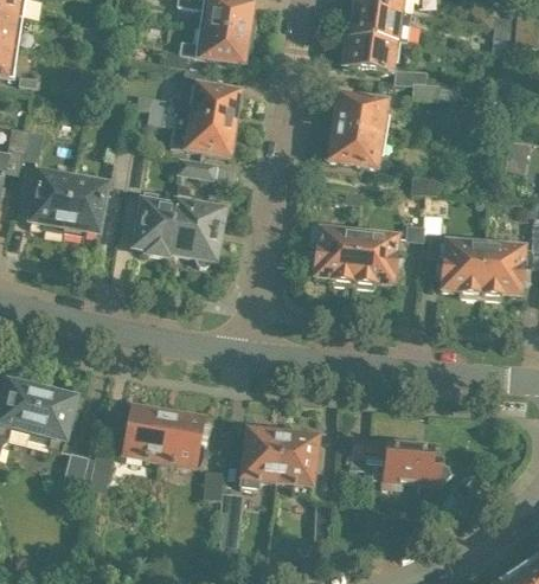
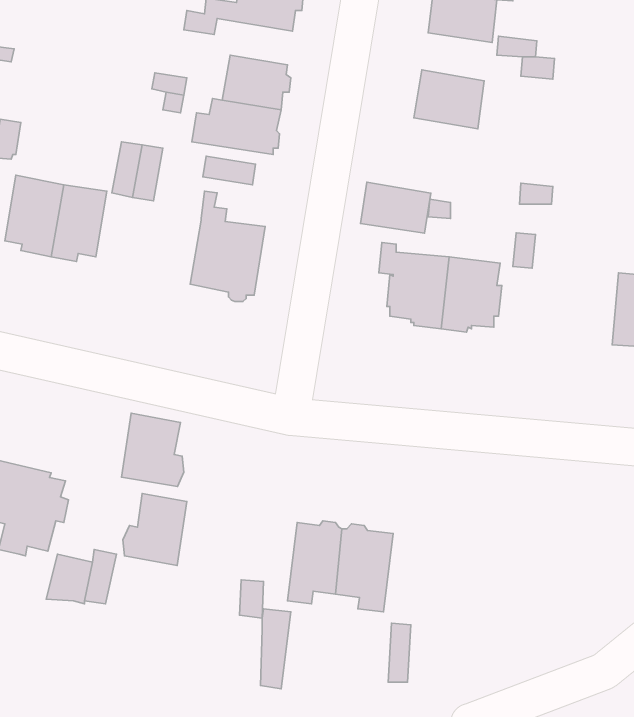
building: [328,128,380,166] -> [361,182,431,233]
building: [134,199,175,255] -> none
building: [439,240,485,296] -> none
building: [158,412,204,467] -> [121,413,184,487]
building: [349,438,451,488] -> none

